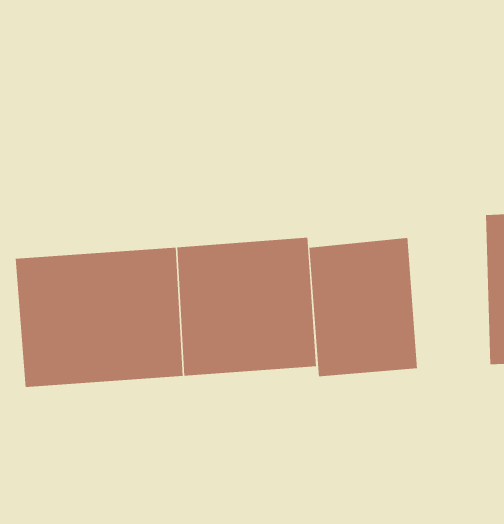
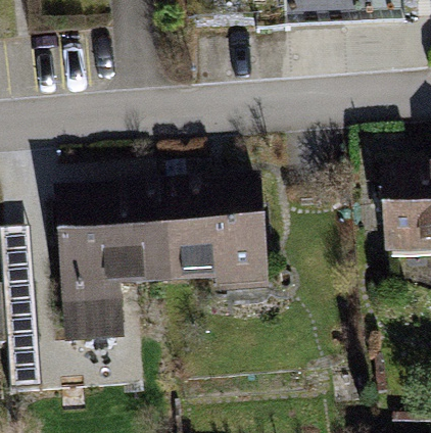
building: [309,237,418,377] -> none

